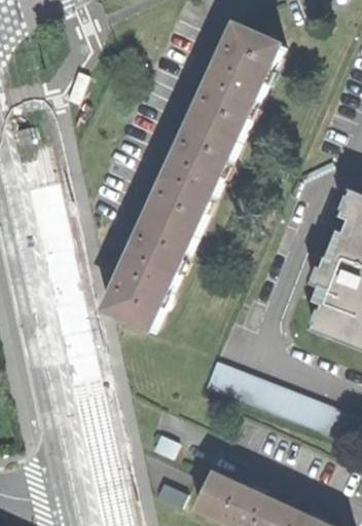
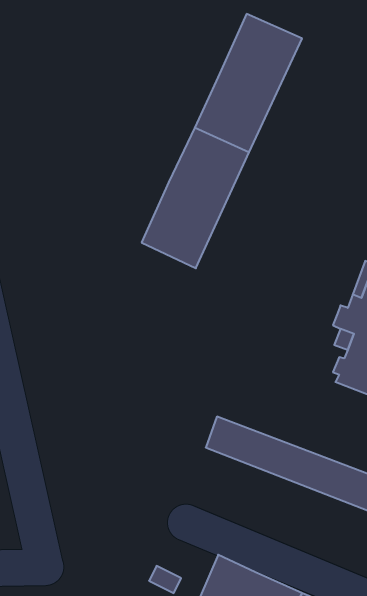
building: [108,214,196,330] -> none

